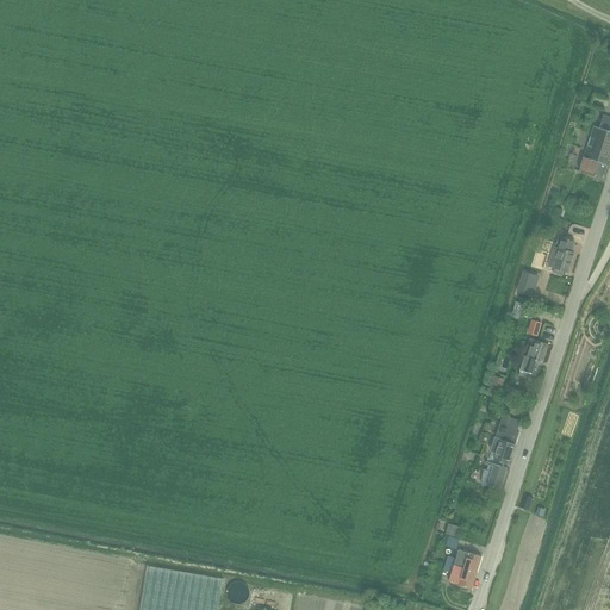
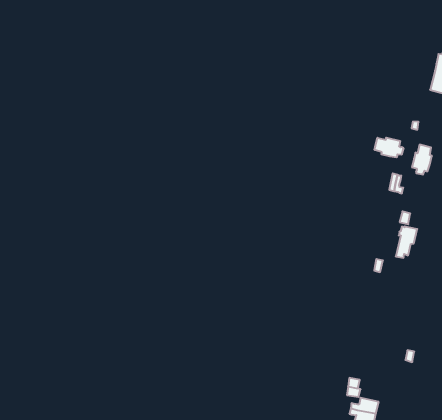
building: none -> [375,138,403,157]
building: [481,413,517,488] -> none

